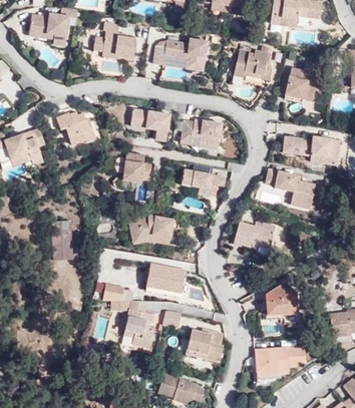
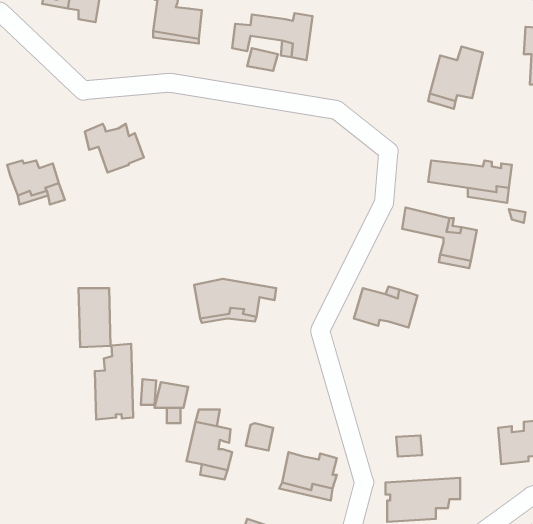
building: [235,47,272,79] -> none
building: [131,109,169,141] -> none
building: [182,121,222,145] -> none
building: [123,152,151,183] -> none
building: [182,169,226,195] -> none
building: none -> [95,344,133,419]
building: [145,264,187,297] -> none
building: [267,283,297,315] -> none

